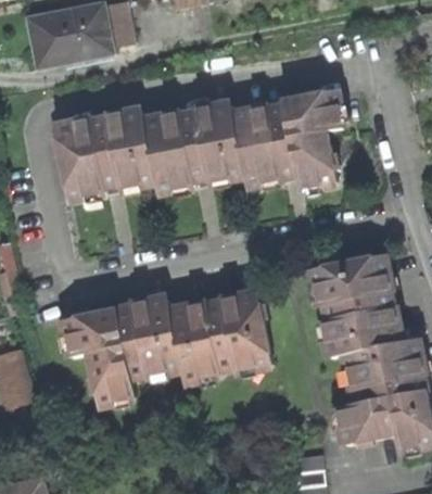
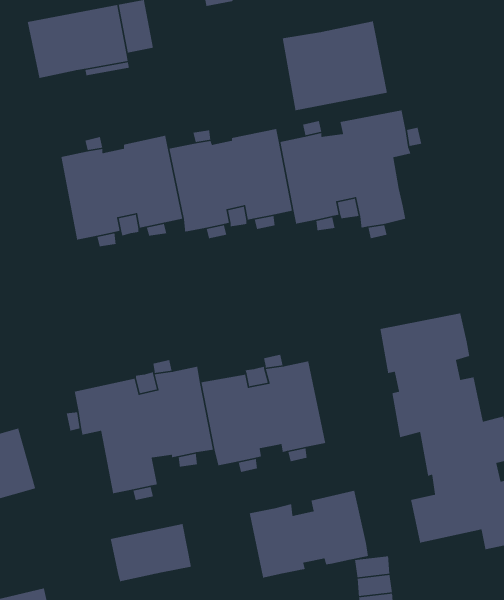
building: none -> [282,21,388,111]
building: none -> [249,490,369,578]
building: none -> [110,523,192,582]

